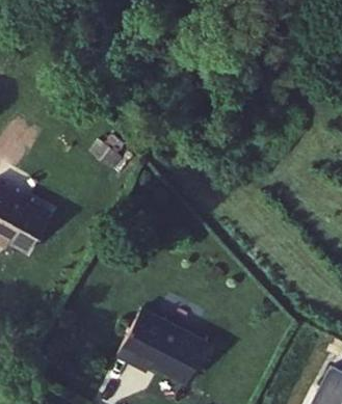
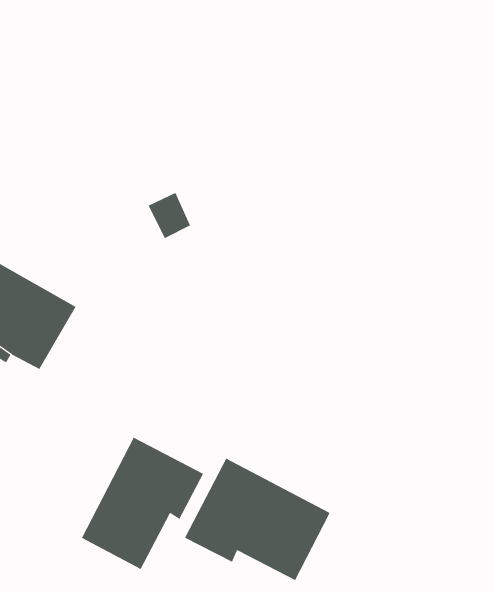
building: none -> [81,437,204,570]

